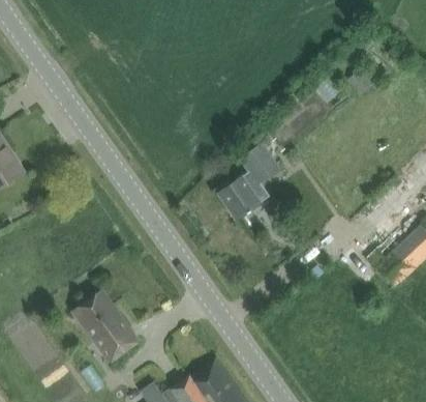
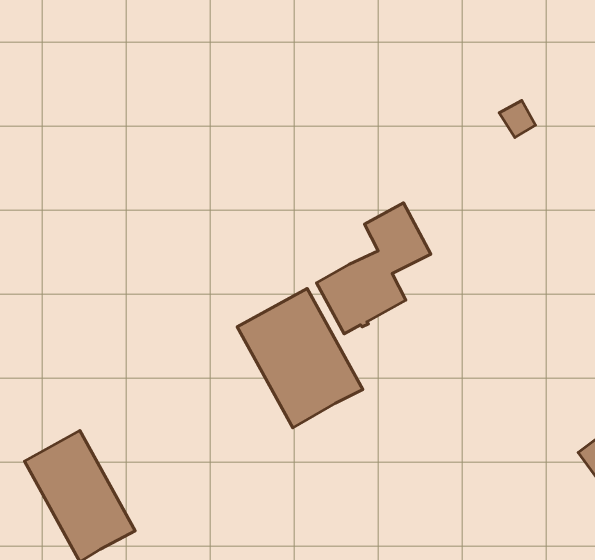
building: none -> [237,289,363,428]

